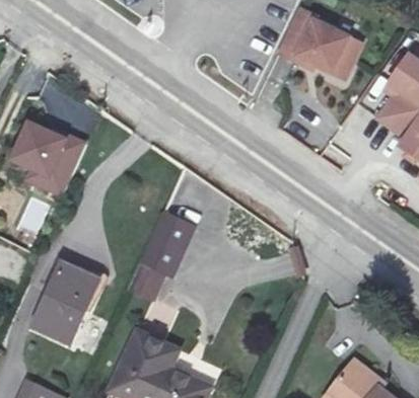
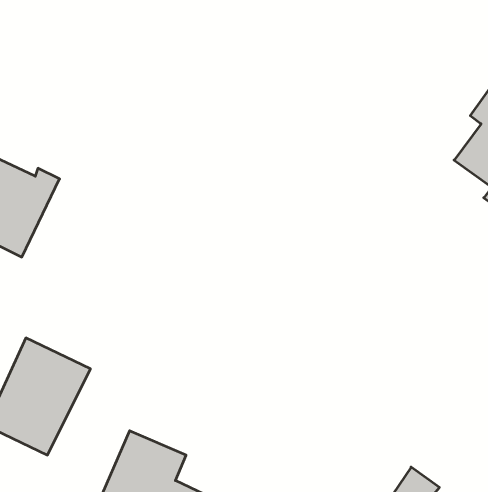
building: [280,9,358,74] -> none
building: [128,209,192,300] -> none

